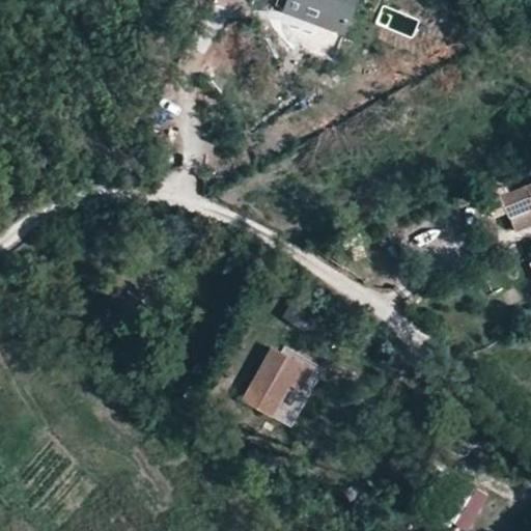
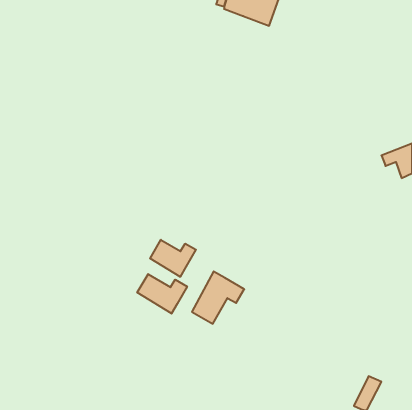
building: none -> [150,240,196,277]
building: none -> [137,274,187,314]

